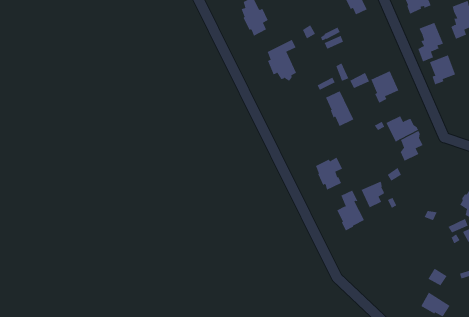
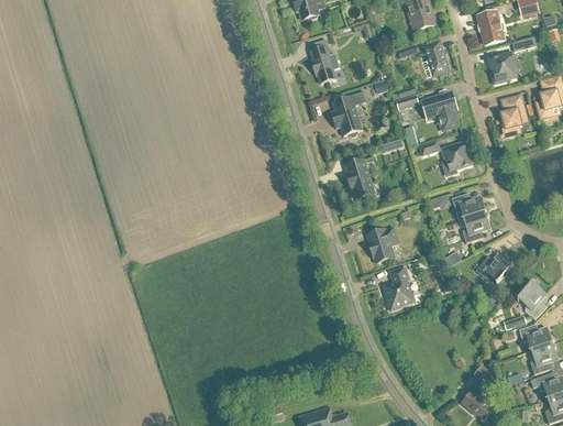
building: none -> [422,91,457,129]
building: [429,55,456,85] -> none
building: [325,90,354,127] -> [345,159,374,198]
building: none -> [475,253,512,283]
building: [361,181,386,208] -> none

